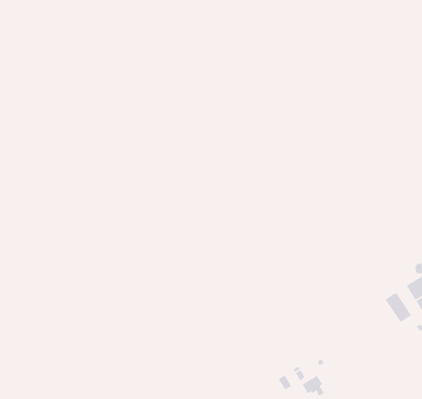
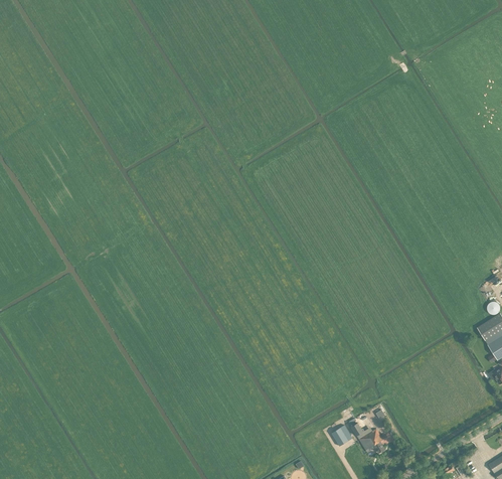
building: [385,292,412,323] -> none

